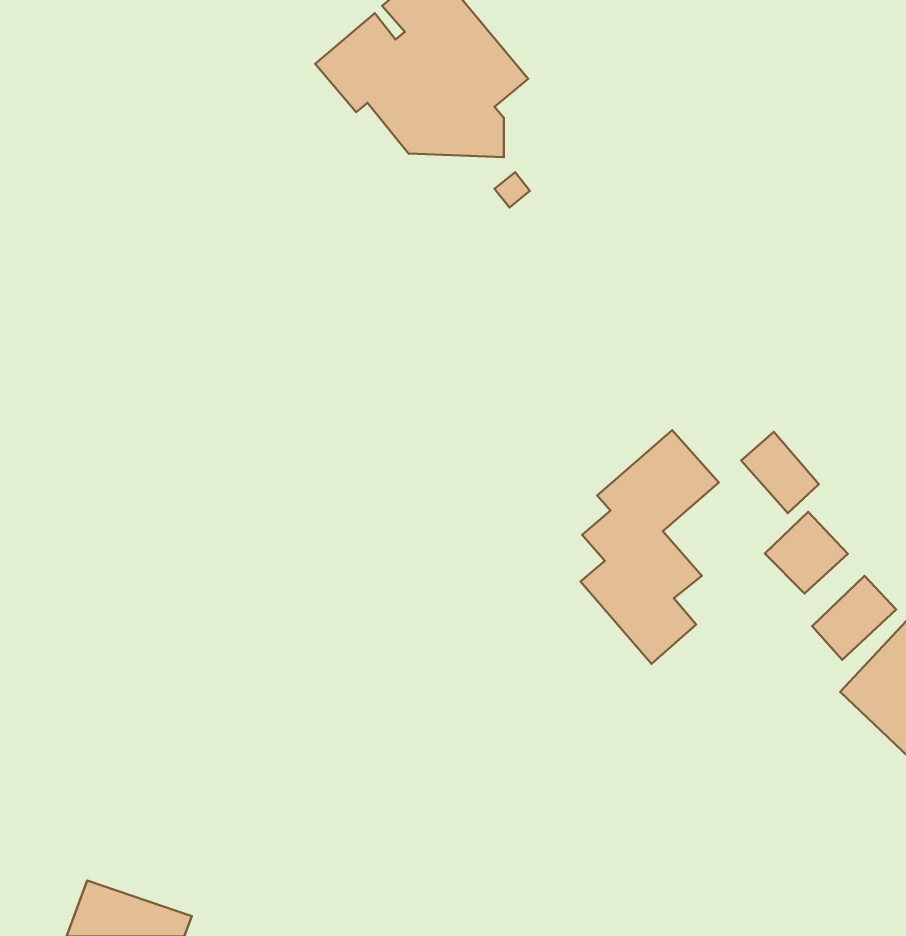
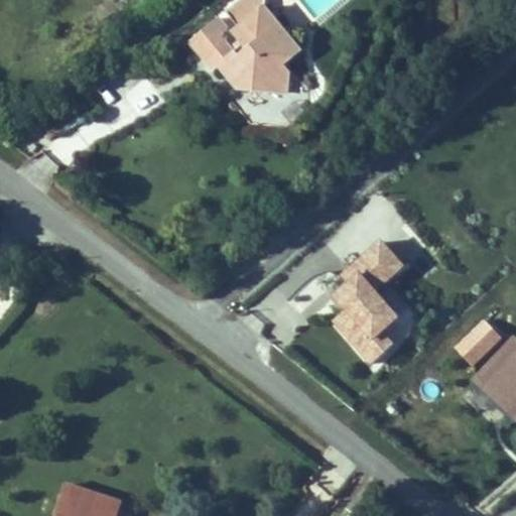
building: [741,432,819,513] -> none
building: [765,512,848,593] -> none

